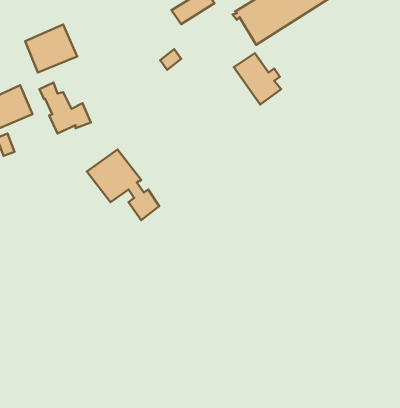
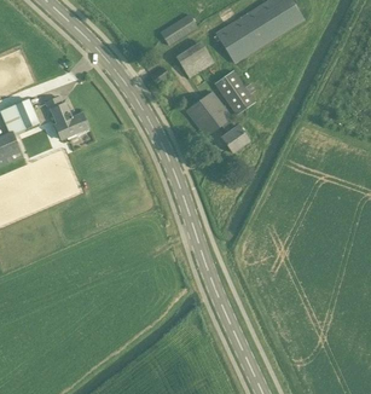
building: none -> [176,40,215,75]
building: [25,24,77,72] -> none
building: [87,149,159,220] -> [185,91,248,152]

